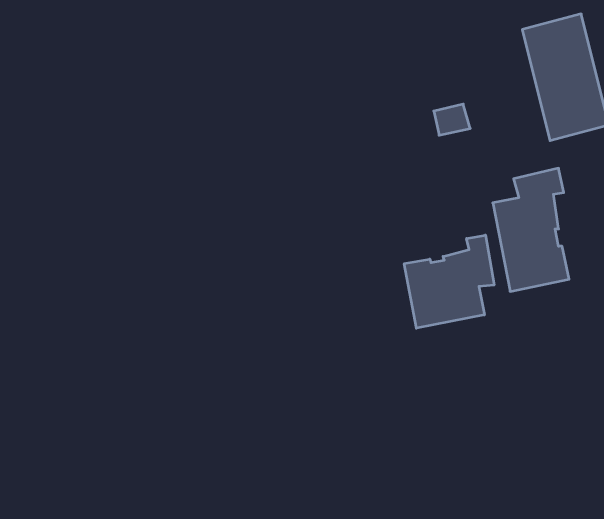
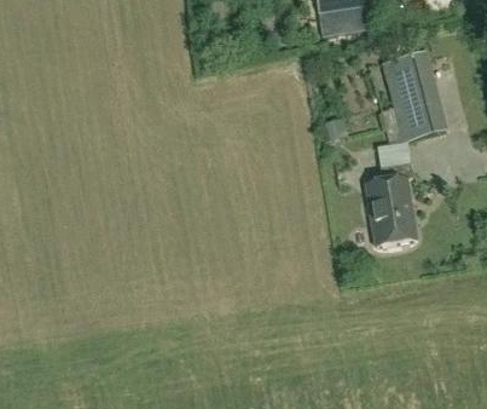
building: [404,235,494,328] -> none

